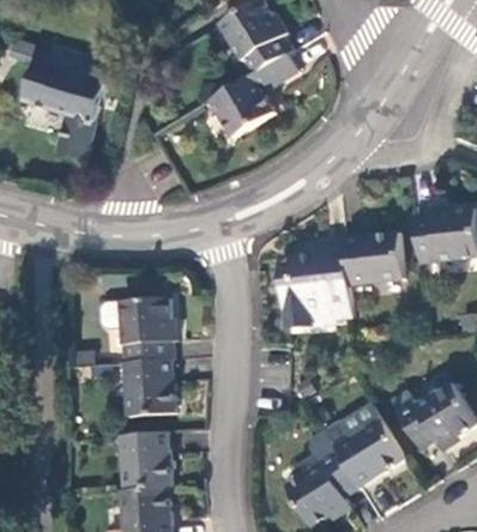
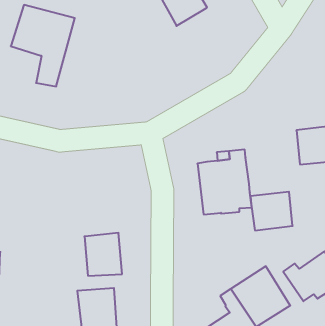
building: [212,50,297,134] -> none
building: [343,236,400,289] -> [250,192,293,230]
building: [98,297,171,361] -> none

